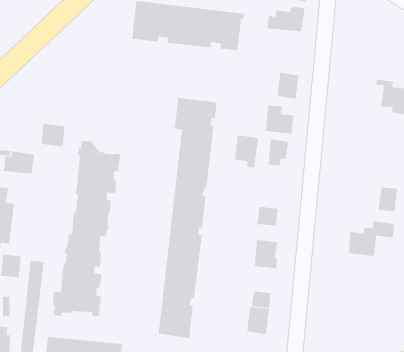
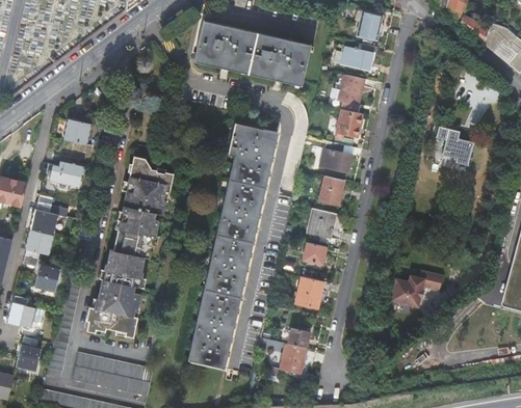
building: none -> [340,75,365,105]
building: [41,123,66,147] -> [63,118,90,144]
building: [234,135,259,168] -> [308,209,335,244]
building: [378,186,398,212] -> none

